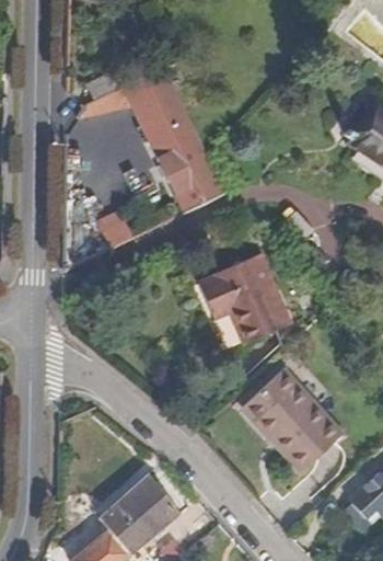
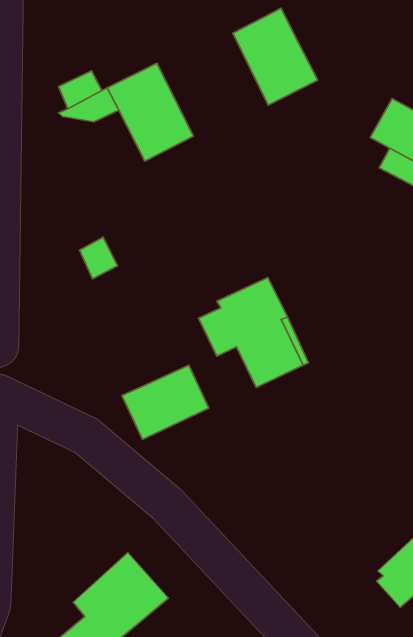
building: [154,131,225,213] -> [233,8,318,105]
building: none -> [122,365,209,440]
building: [242,371,343,467] -> none

